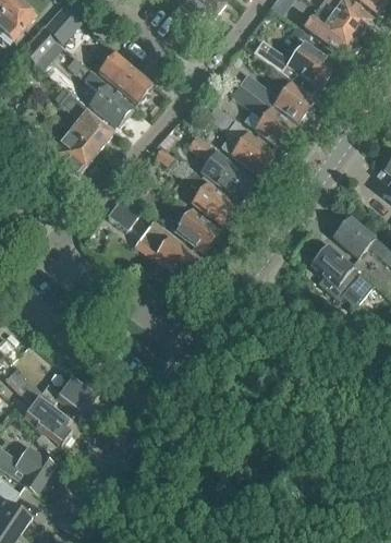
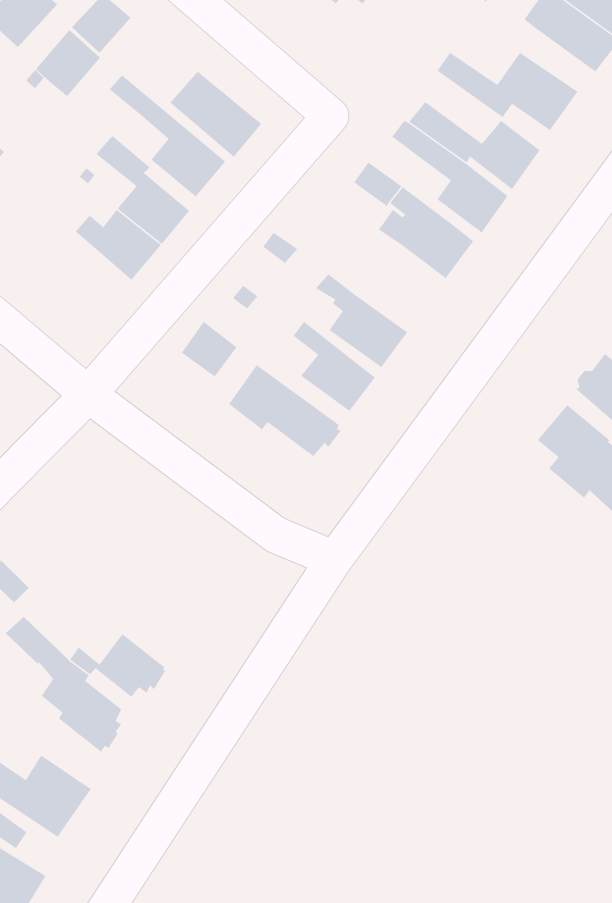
building: [190,136,255,201] -> none

